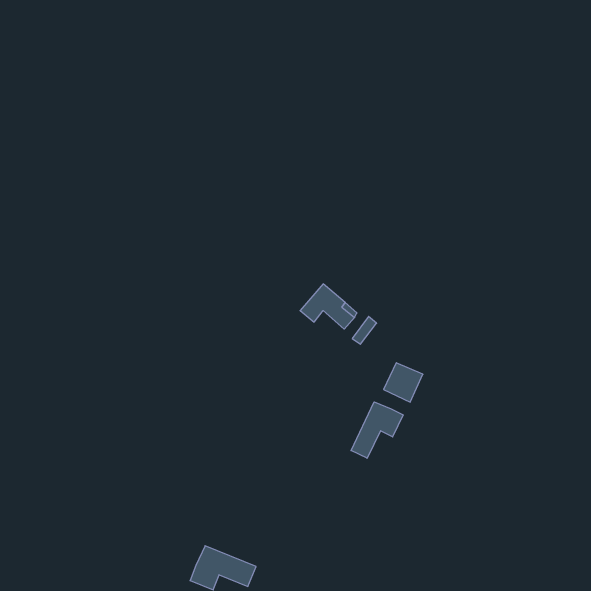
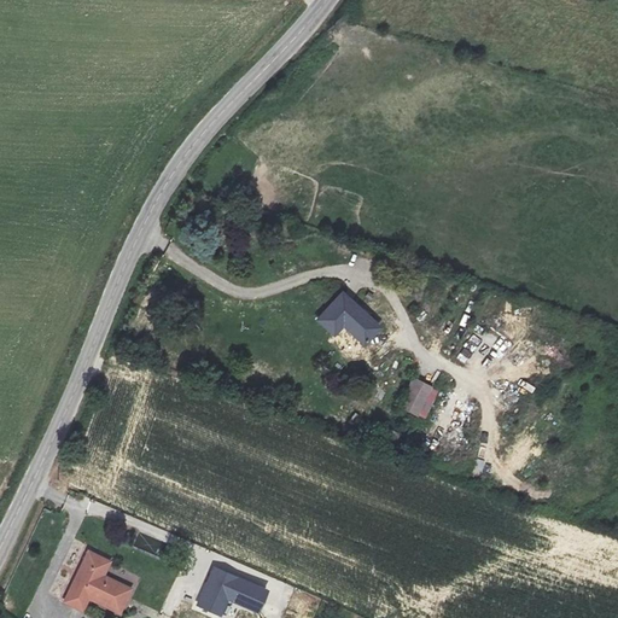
building: [351,402,403,458] -> none
building: none -> [65,547,132,606]

